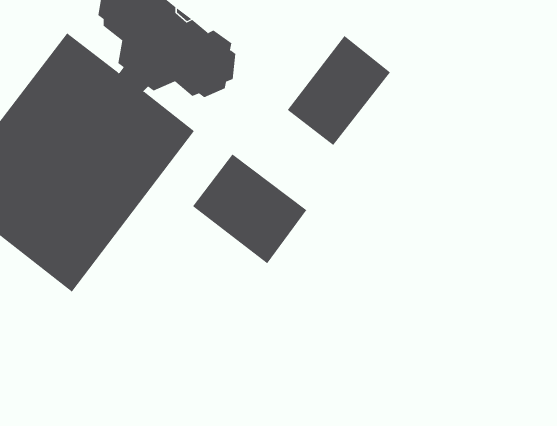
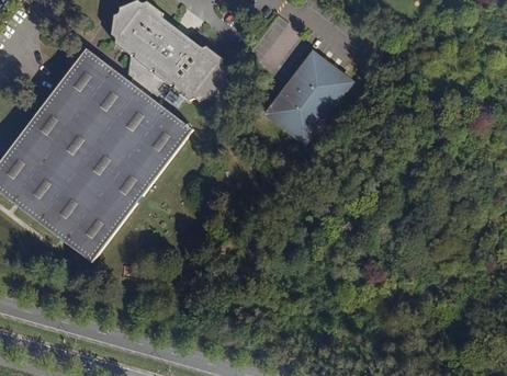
building: [192,154,307,264] -> none

